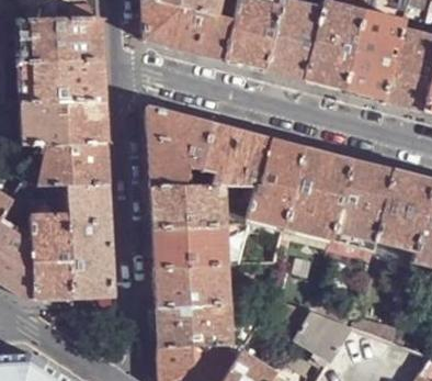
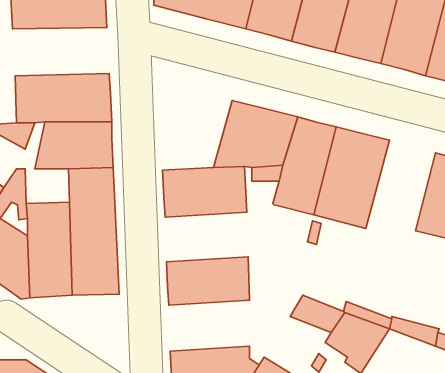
building: [19,60,104,103] -> none
building: [148,108,213,187] -> none
building: [331,160,393,249] -> none
building: [30,186,69,216] -> none
building: [154,224,227,268] -> none
building: [157,302,230,347] -> none

